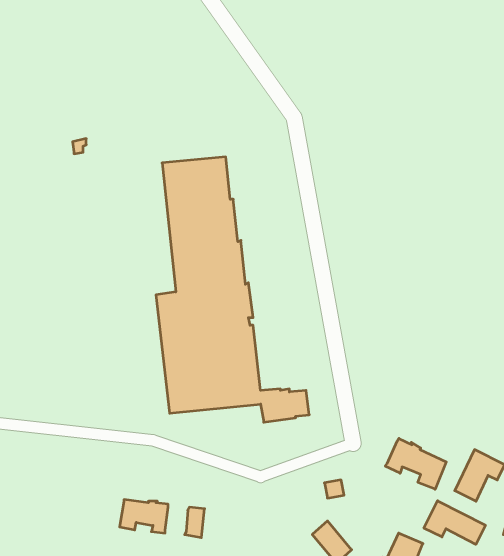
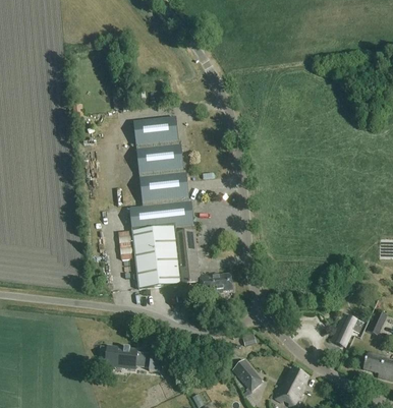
building: [385,438,446,489] -> none
building: [424,501,485,544] -> none

